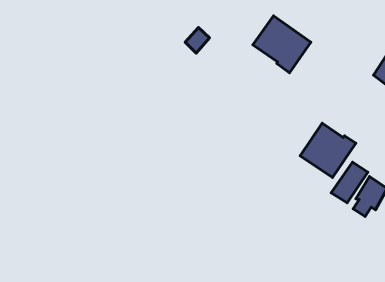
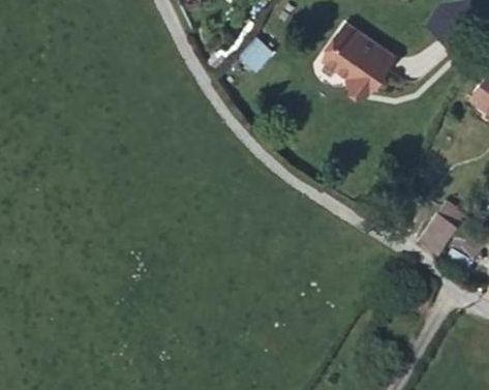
building: [300,123,356,178] -> none

